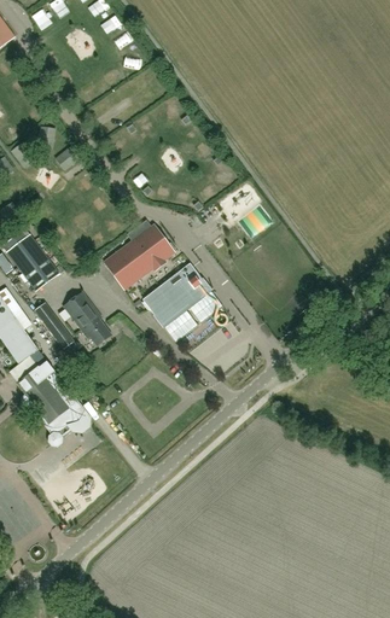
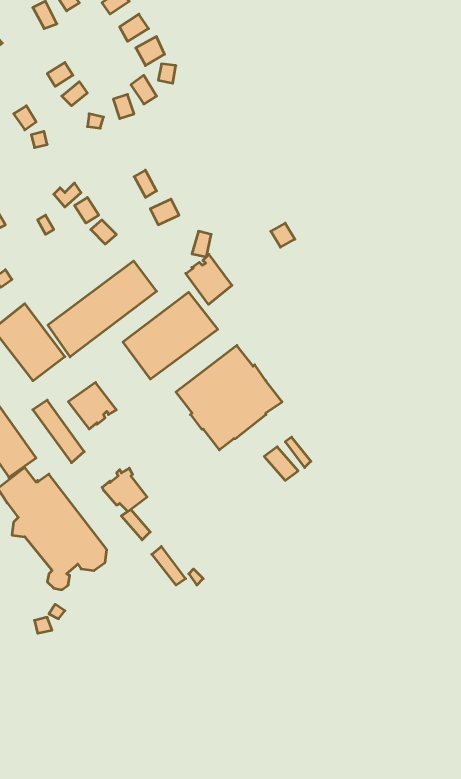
building: none -> [186,254,232,304]
building: none -> [48,261,157,357]
building: [77,311,111,344] -> [102,468,147,511]

